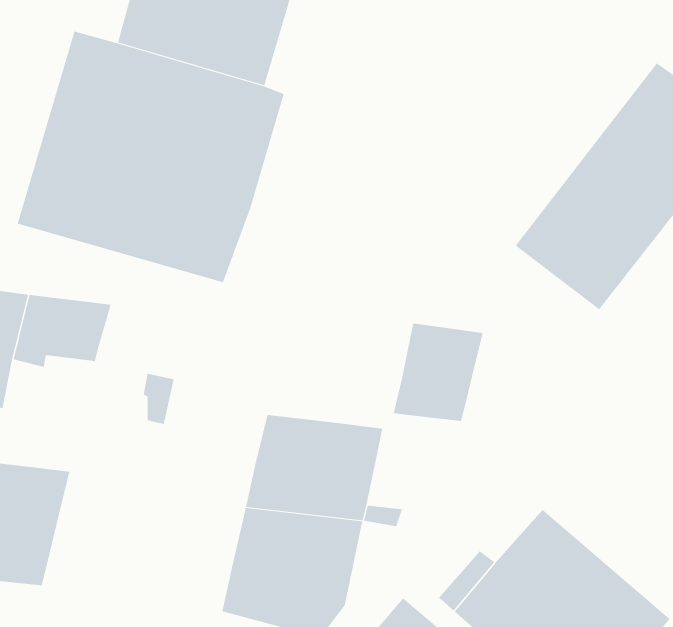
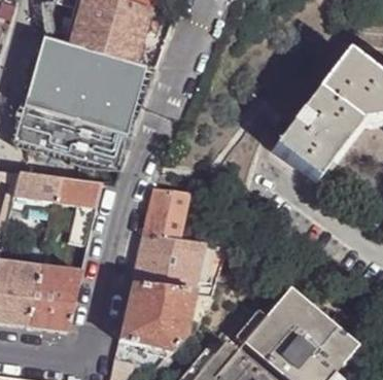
building: none -> [57,178,104,206]
building: [393,323,484,421] -> [144,188,192,240]
building: none -> [27,266,83,331]

